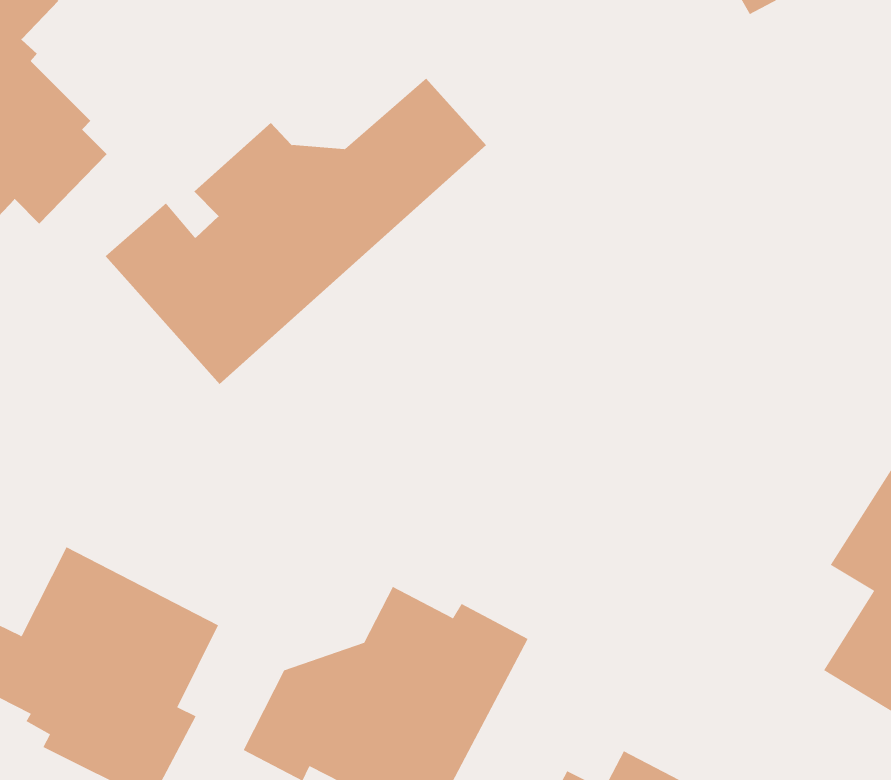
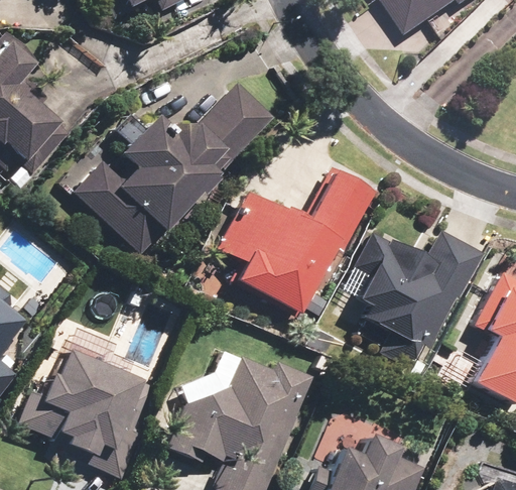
building: none -> [217,167,375,316]
building: none -> [353,232,483,355]

